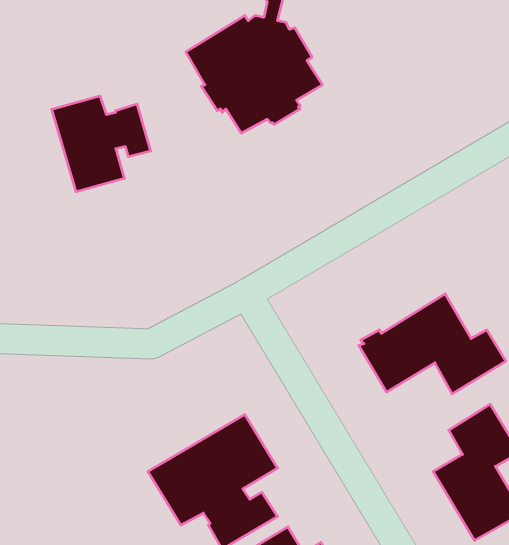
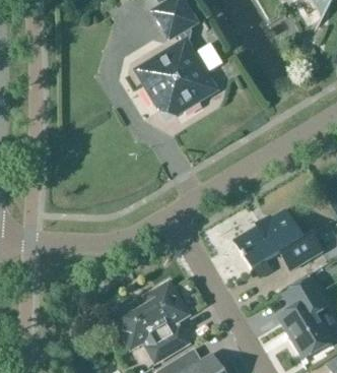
building: [52,96,151,192] -> none

